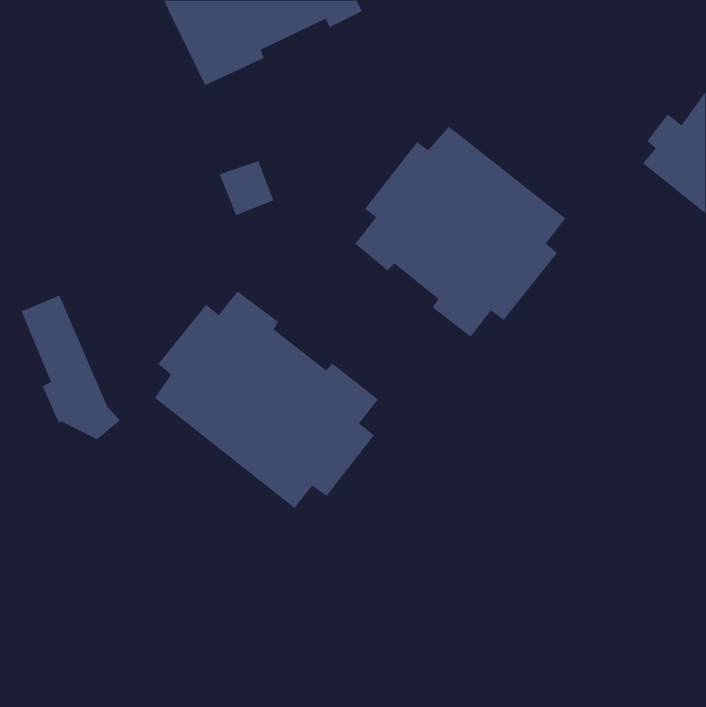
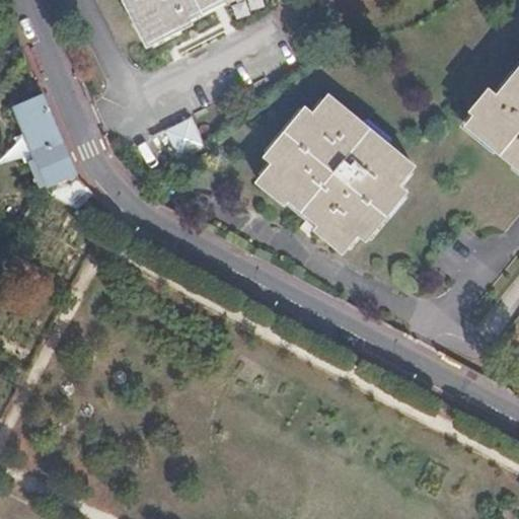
building: [154,290,379,509] -> none
building: [21,295,121,440] -> [13,95,86,202]

